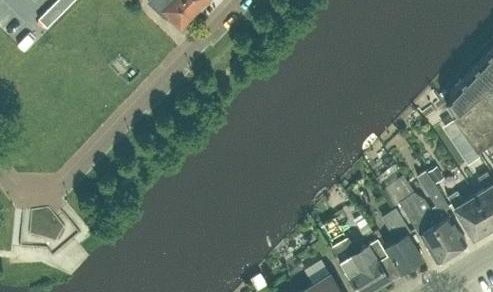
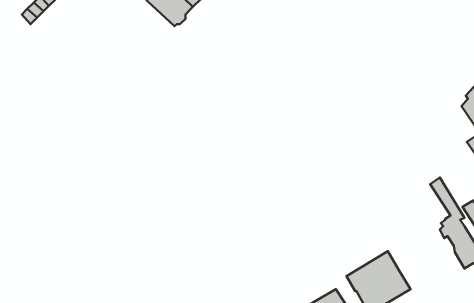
building: [404,194,449,263] -> none
building: [382,209,423,273] -> none

